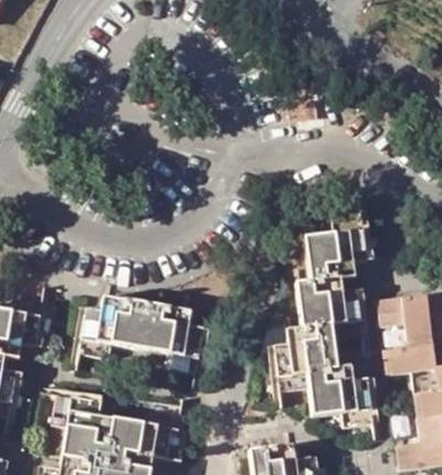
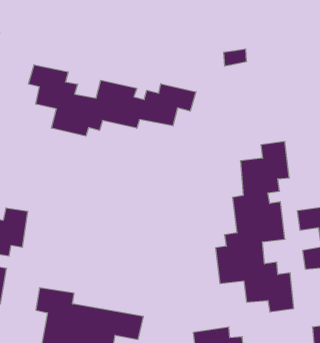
building: none -> [28,65,196,136]
building: [79,299,201,373] -> none

